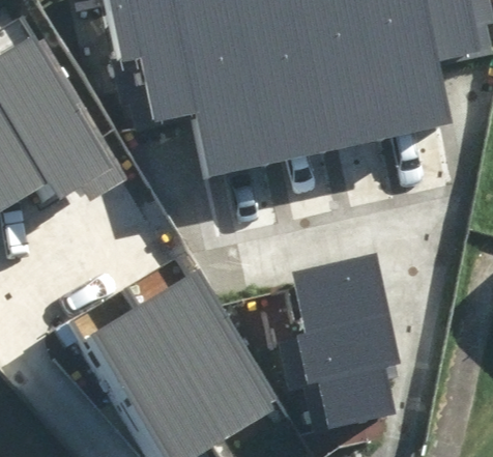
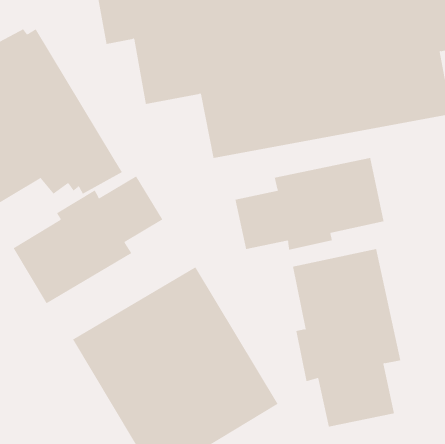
building: none -> [235,157,384,250]
building: none -> [13,176,163,304]

